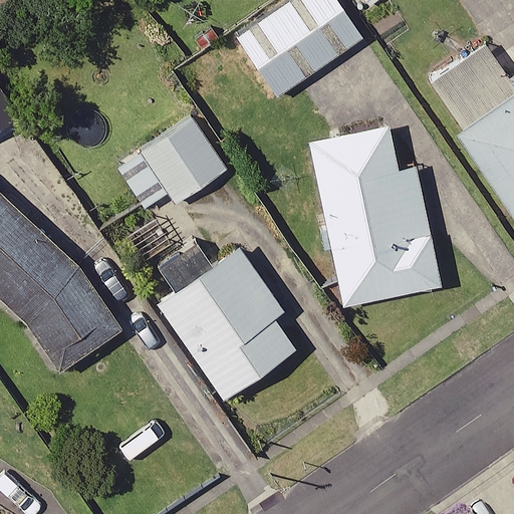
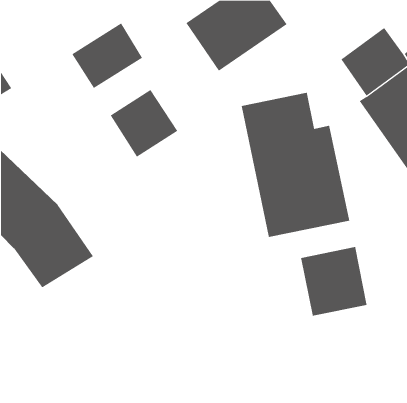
building: none -> [72,22,143,89]
building: [156,246,297,402] -> none
building: none -> [300,246,367,316]

